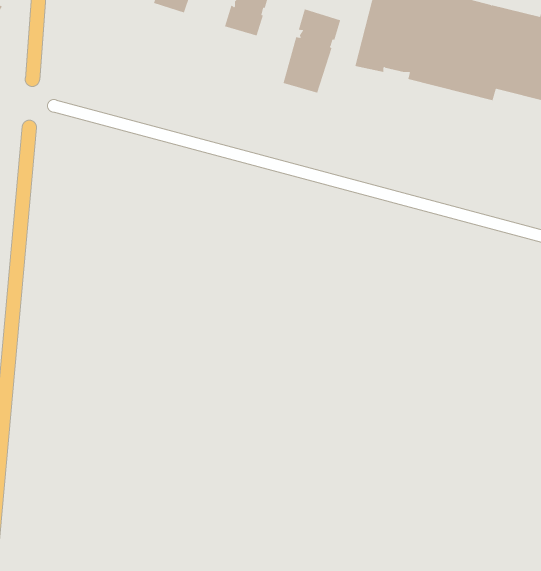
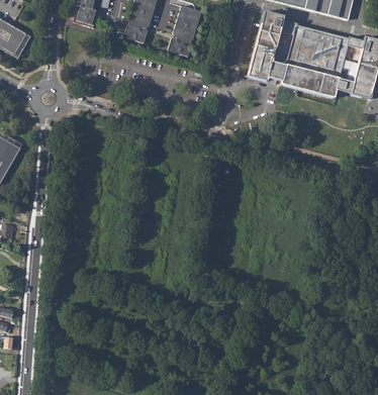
building: [283,9,341,94] -> none

